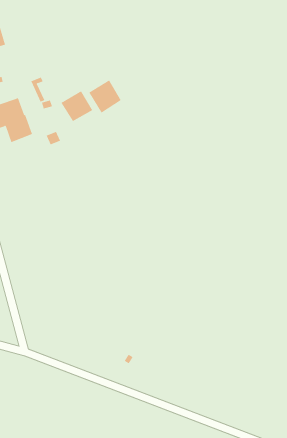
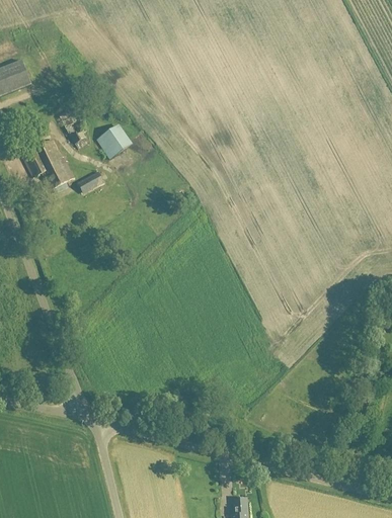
building: [88,80,121,113] -> none

